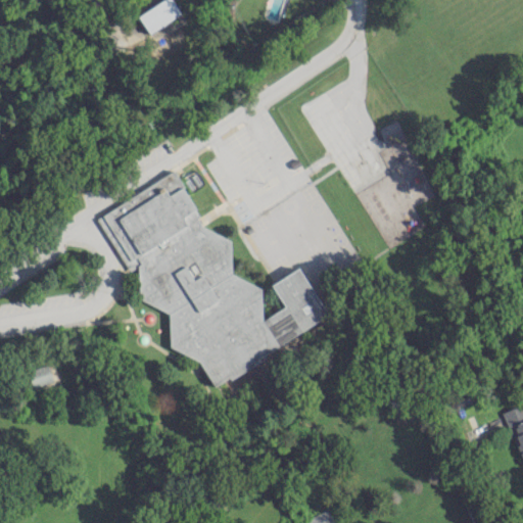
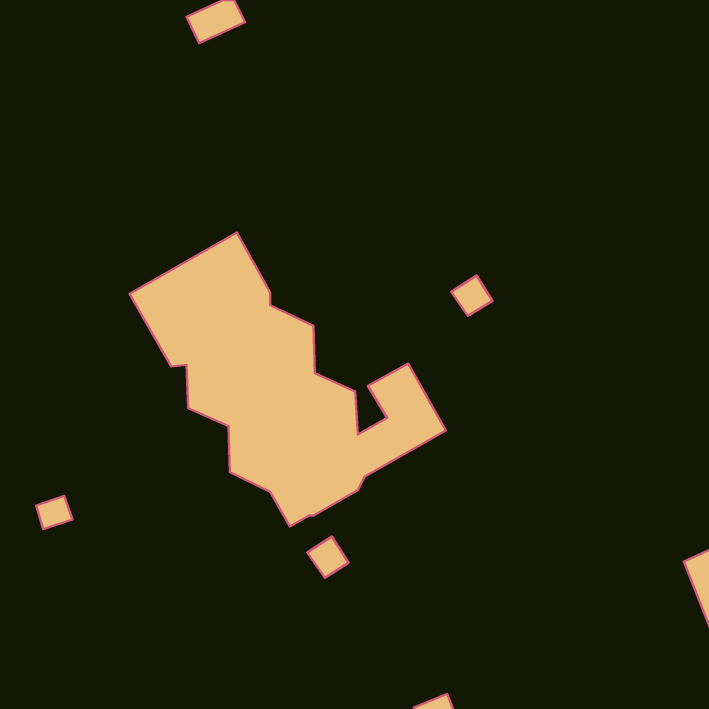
building: none -> [451,275,492,316]
building: none -> [307,536,349,578]

